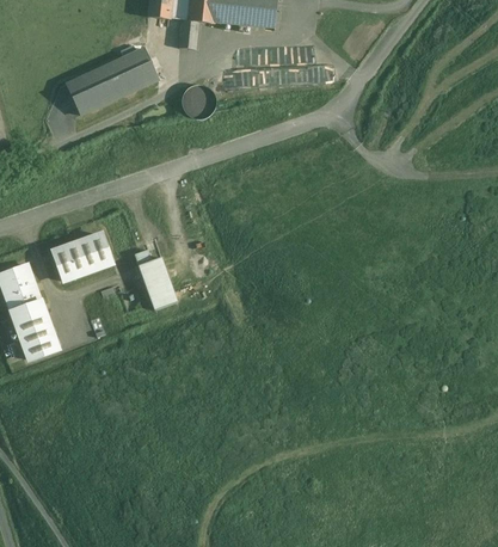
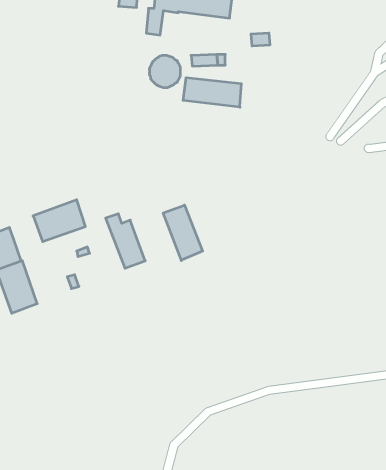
building: [61,47,158,115] -> none
building: none -> [183,78,241,107]
building: none -> [163,205,203,261]

